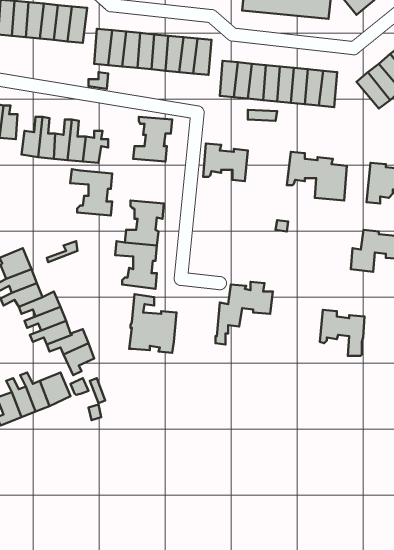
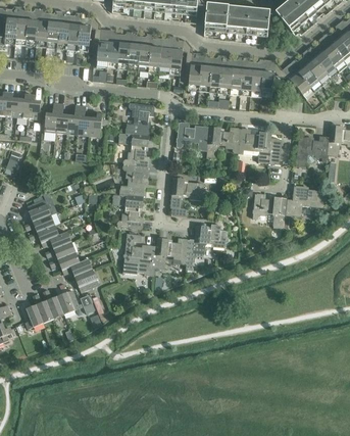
building: none -> [206,127,241,157]
building: [70,169,112,215] -> [118,132,149,165]
building: none -> [170,178,204,215]
building: none -> [155,237,189,268]
building: [320,310,365,356] -> [253,193,286,227]

